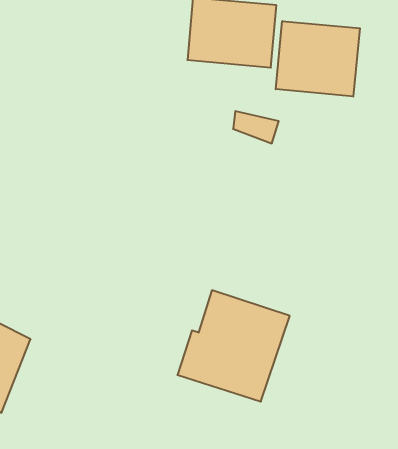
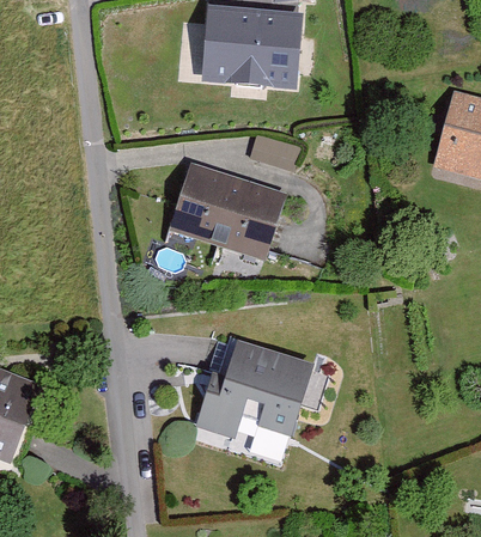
building: [276,21,360,97] -> none
building: none -> [170,164,282,257]

